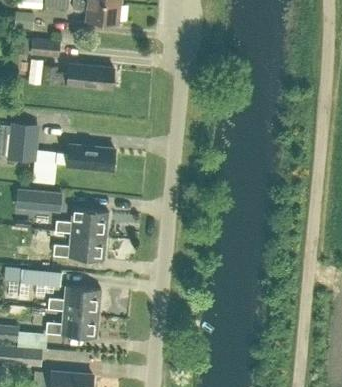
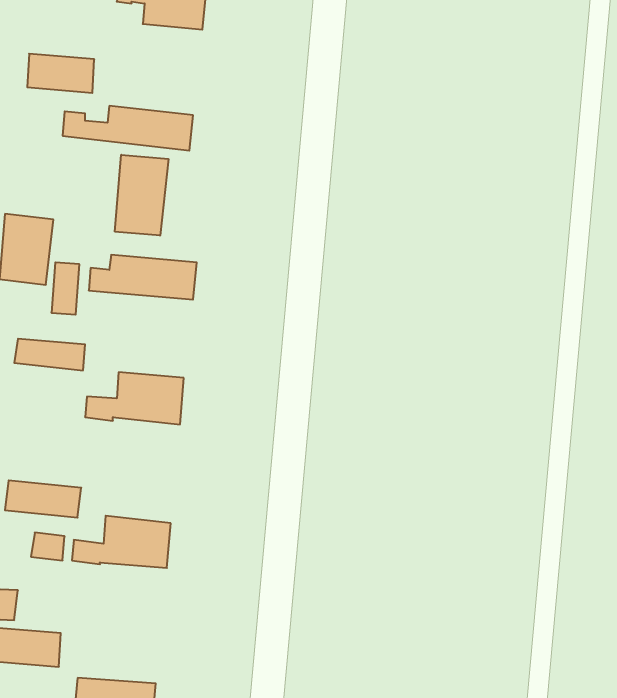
building: none -> [115,155,168,236]
building: [52,233,105,261] -> none
building: [45,311,98,339] -> none

